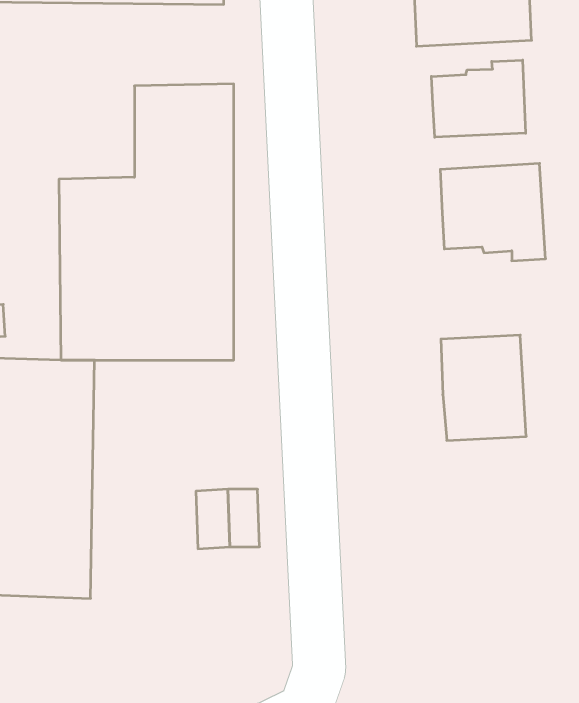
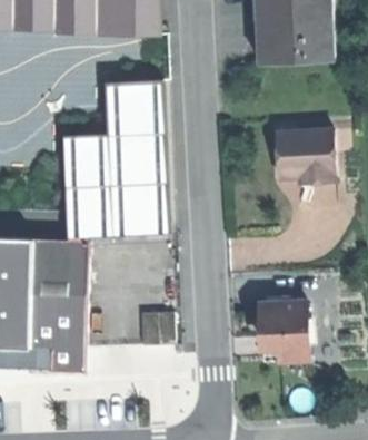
building: [431,60,526,137] -> none
building: [441,335,526,440] -> [260,300,308,359]

